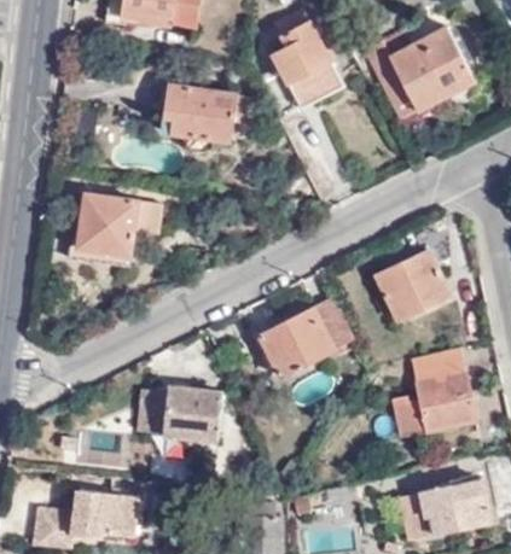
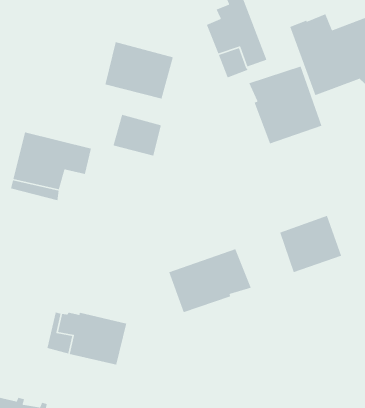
building: none -> [248,66,323,145]
building: none -> [113,114,162,157]
building: [394,346,476,432] -> none

